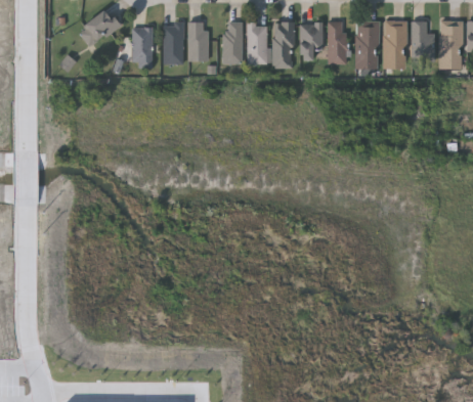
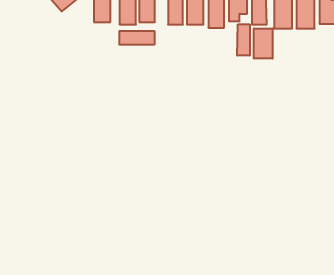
building: none -> [237,24,250,56]
building: none -> [254,28,273,59]
building: none -> [119,31,154,45]

